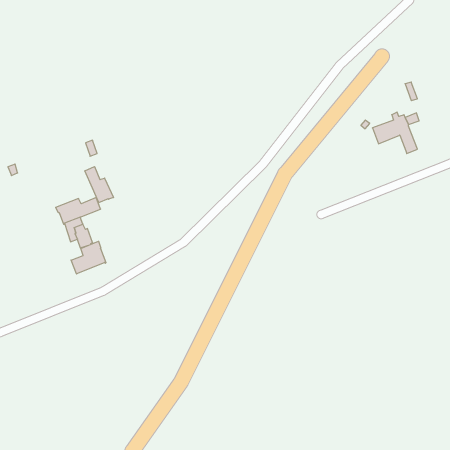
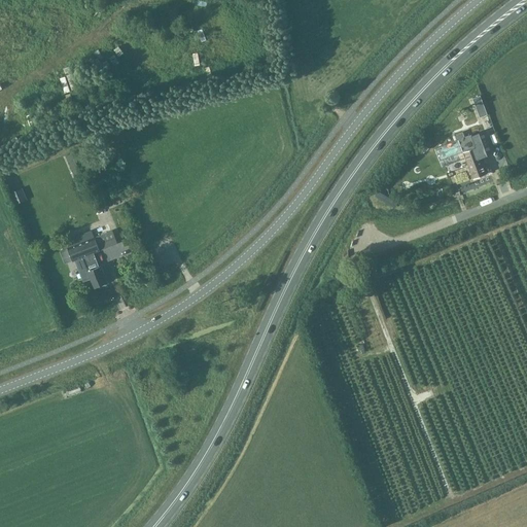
building: [85,167,113,203] -> none
building: [71,241,106,274] -> none

